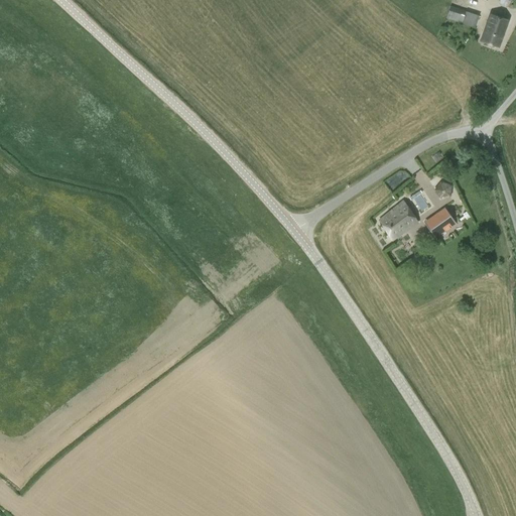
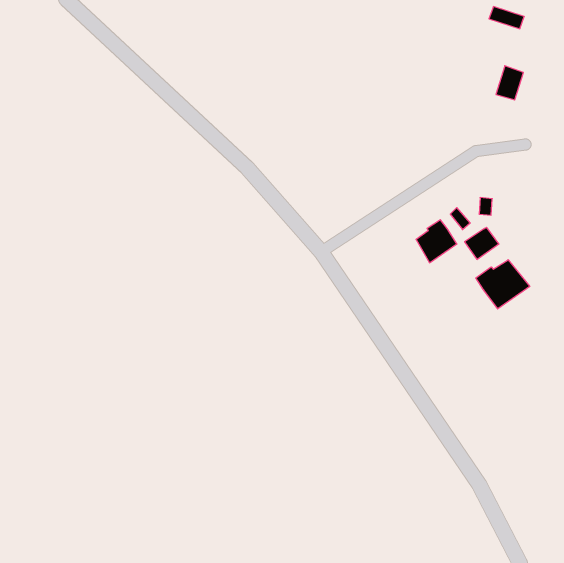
building: [482,14,507,45] -> [496,66,523,100]
building: none -> [476,260,530,309]

